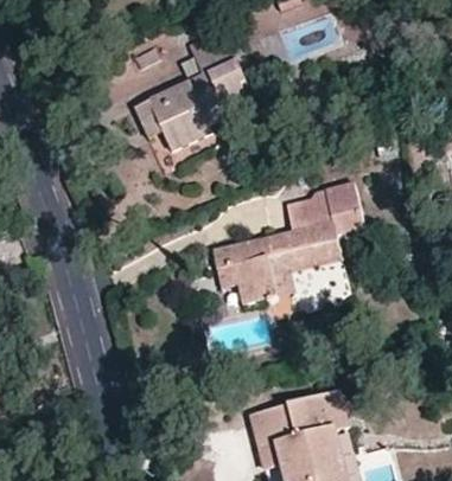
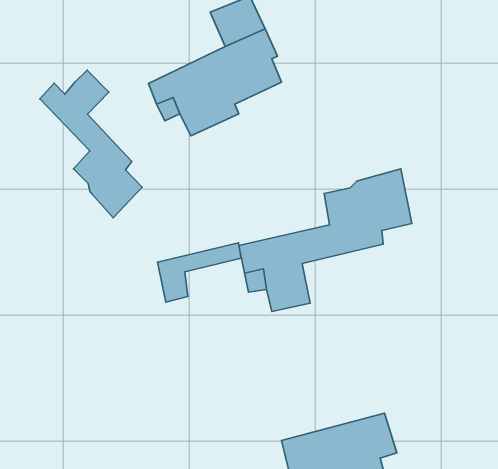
building: none -> [40,70,142,218]
building: [268,245,340,296] -> [157,243,241,302]

